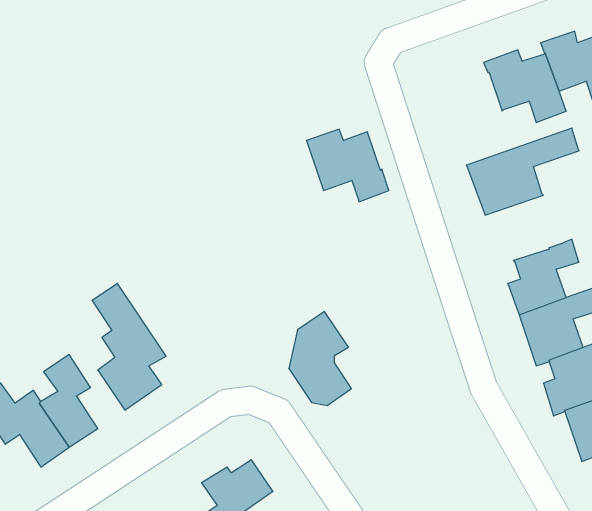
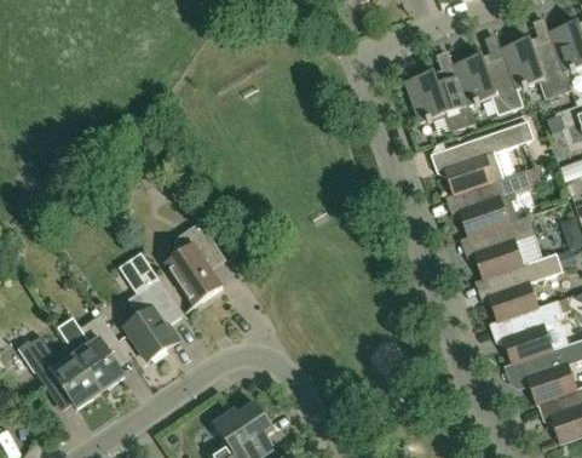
building: [306,129,389,202] -> [404,70,474,132]
building: none -> [453,167,532,237]
building: [289,311,351,405] -> [168,221,221,300]

